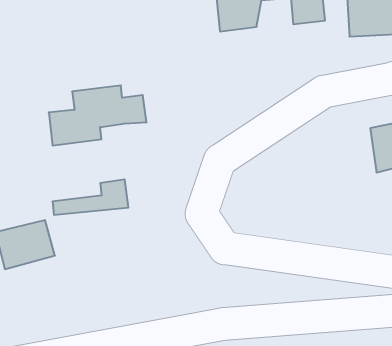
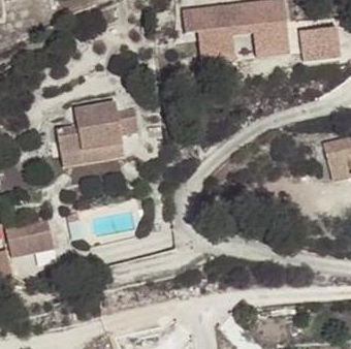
building: [53,179,128,215] -> [56,135,120,165]

